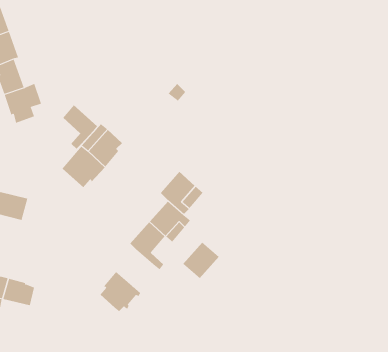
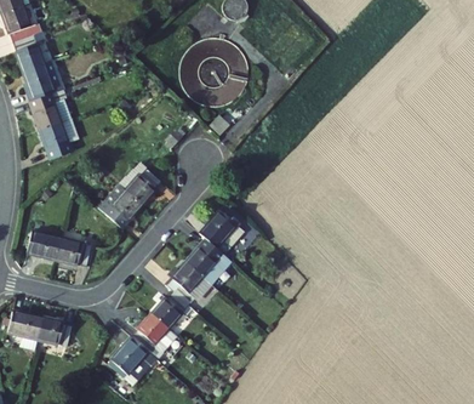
building: [62,104,98,150] -> none
building: none -> [57,235,92,263]
building: [182,242,219,279] -> [155,289,194,328]
building: none -> [116,335,154,374]

